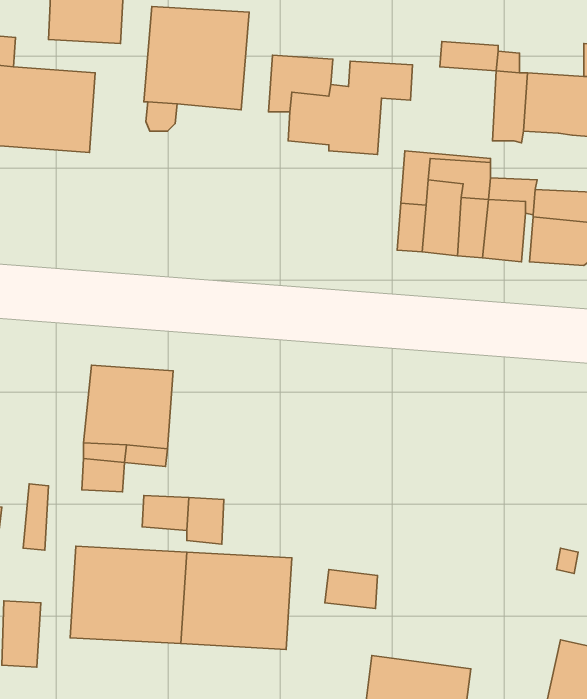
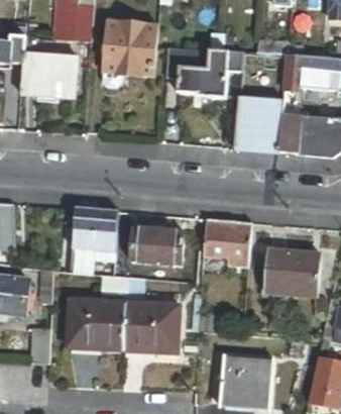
building: none -> [203,219,251,266]
building: none -> [129,228,184,267]
building: none -> [262,249,319,297]

